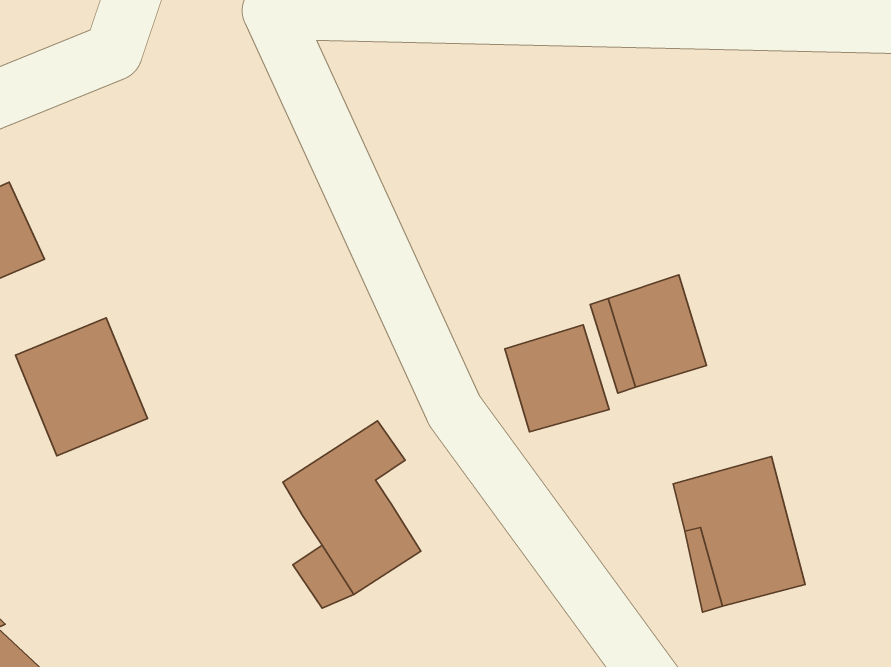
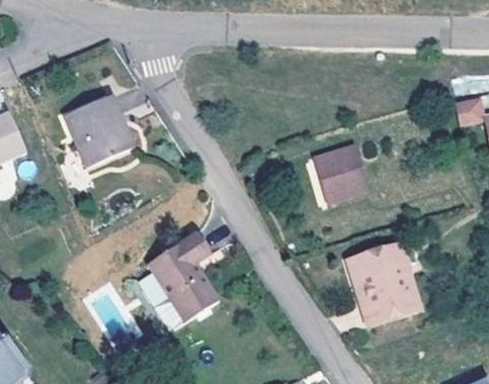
building: [16,318,148,456] -> [65,94,133,165]
building: [505,325,609,432] -> none

